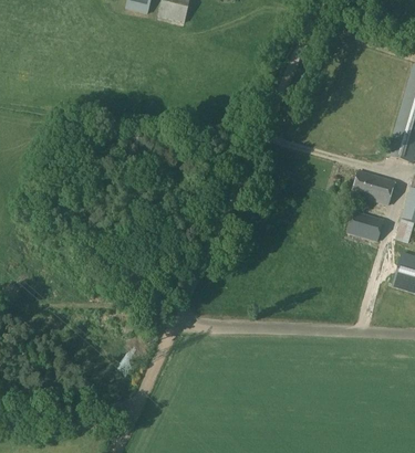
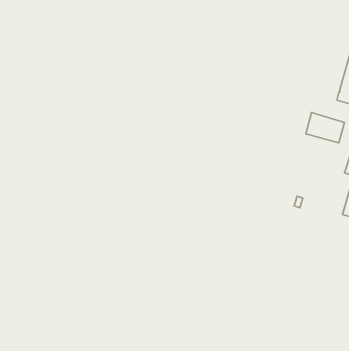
building: [355,212,383,240] -> none

